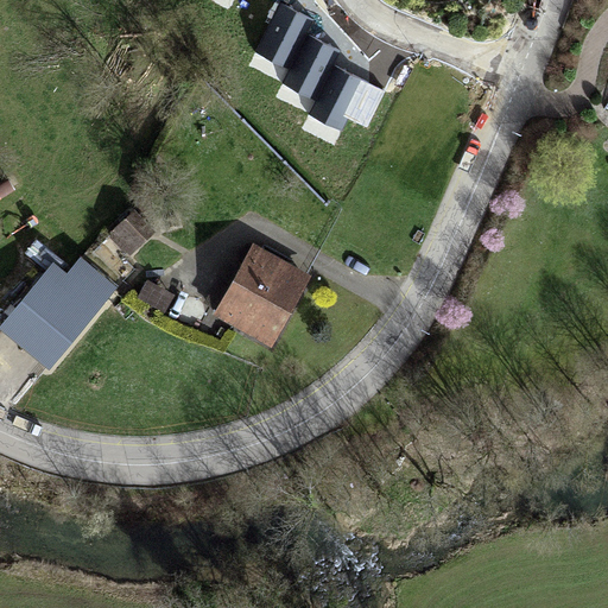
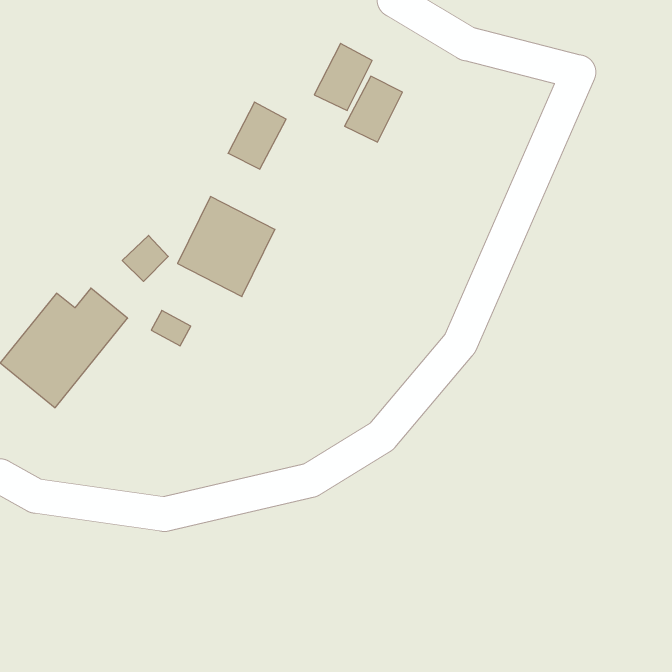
building: [259,6,311,66] -> [228,102,286,169]
building: [218,246,306,336] -> [178,197,275,297]

